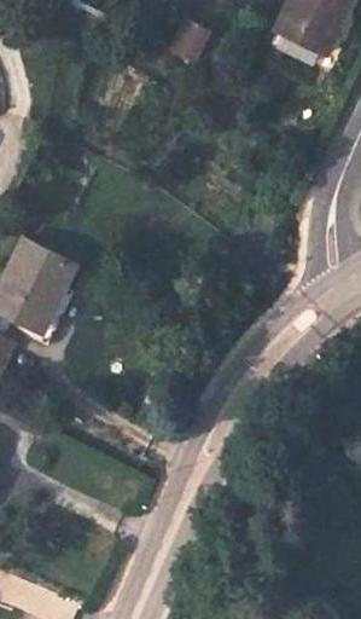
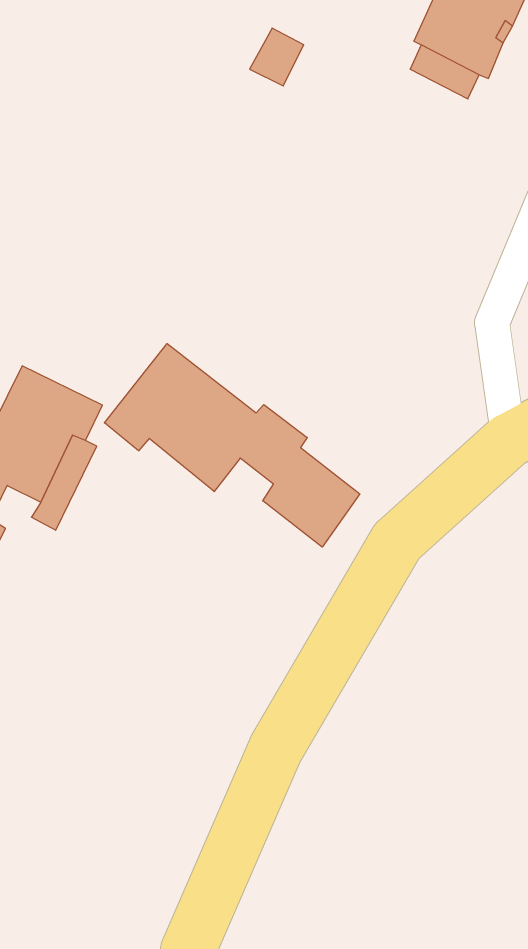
building: none -> [104,344,360,547]

